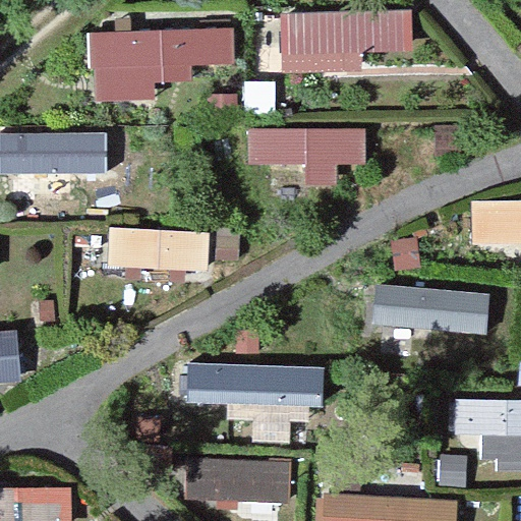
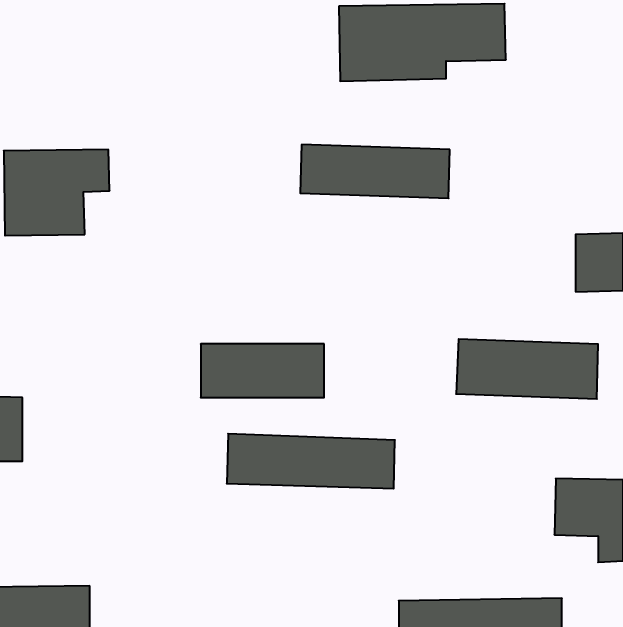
building: [88,25,233,101] -> none
building: [108,229,209,273] -> [201,344,324,398]
building: [182,458,291,506] -> none

